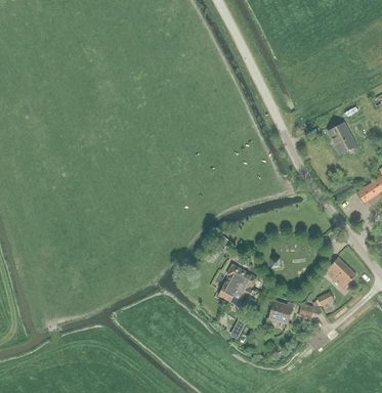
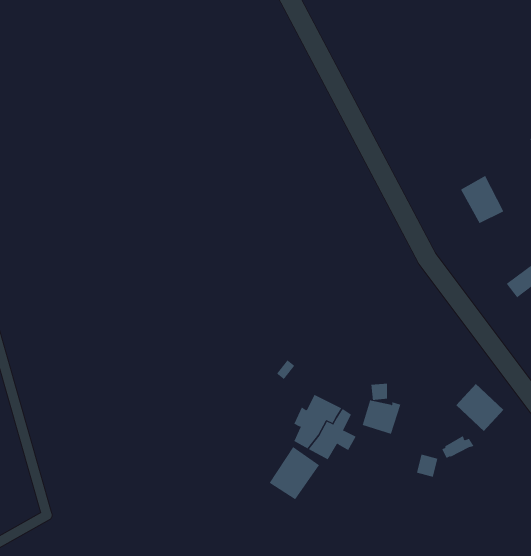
building: none -> [269,446,320,500]
building: [268,301,294,323] -> [362,400,401,434]

